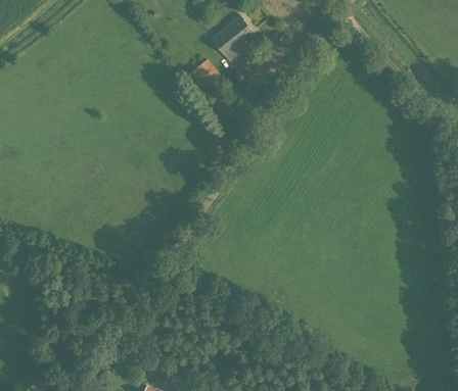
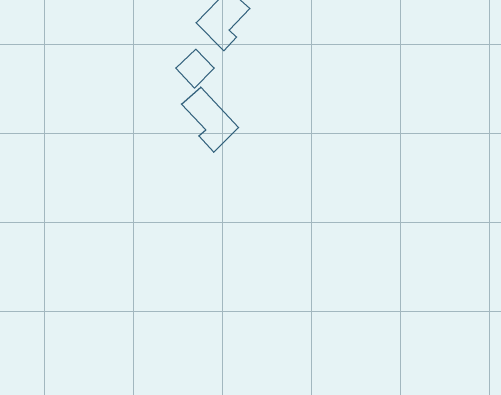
building: none -> [181,87,239,152]

